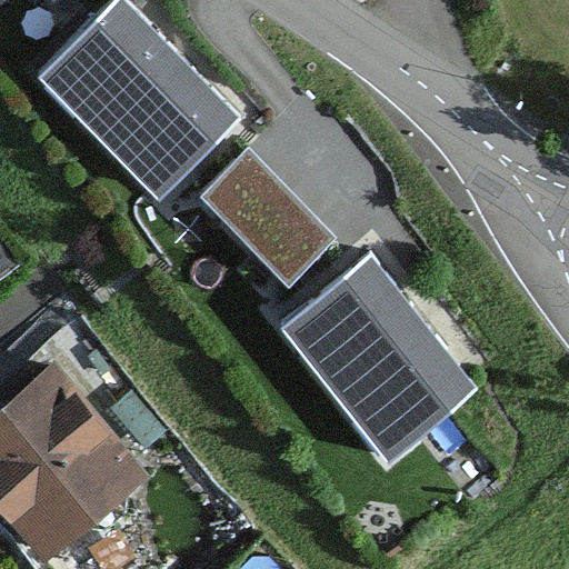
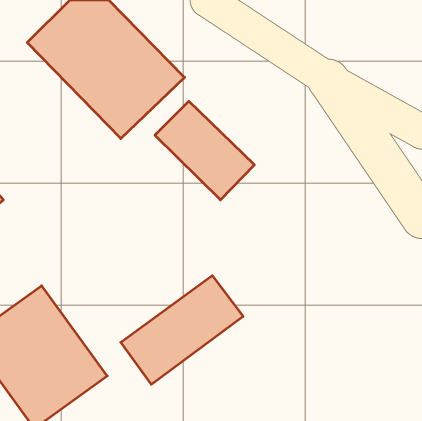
building: [281,251,478,457] -> none
building: none -> [121,276,243,384]

